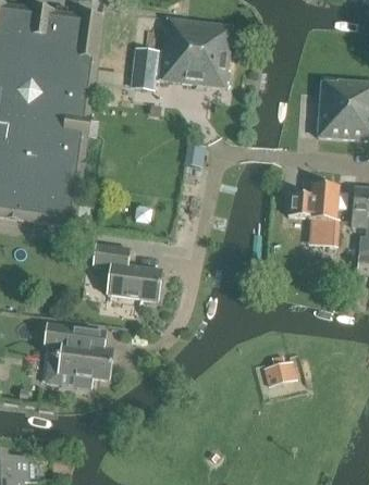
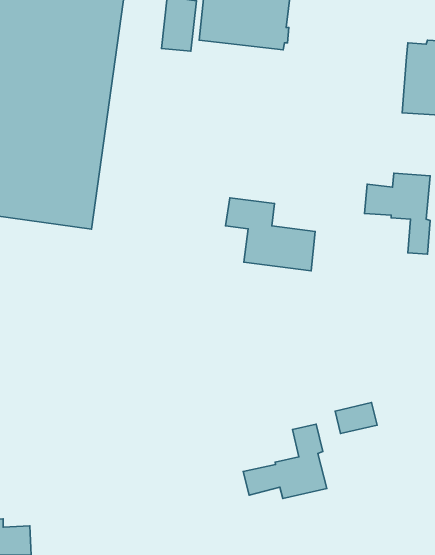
building: [91,245,161,301] -> [226,198,315,271]
building: [42,323,112,380] -> none
building: none -> [243,424,327,499]

